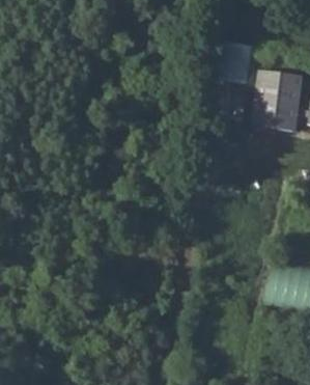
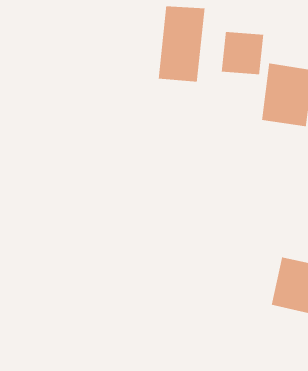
building: none -> [158,5,206,83]

